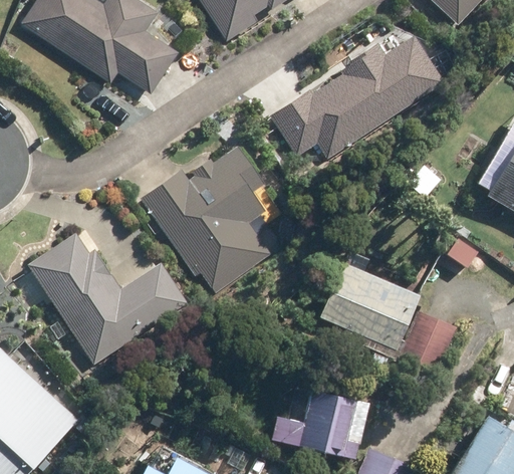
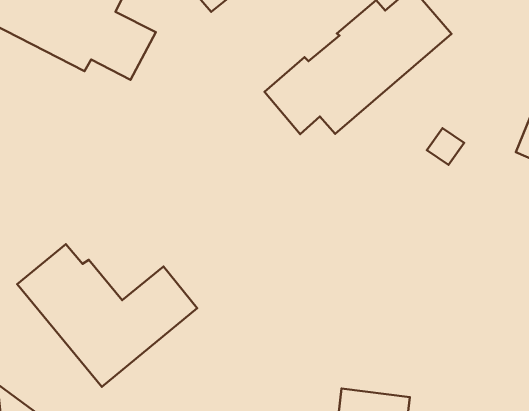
building: [142,145,272,293] -> none
building: [319,263,419,348] -> none
building: [401,311,456,370] -> none

